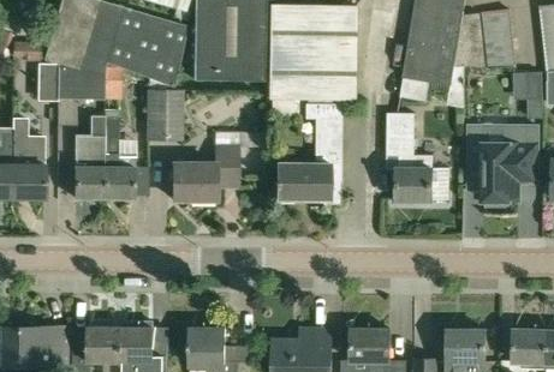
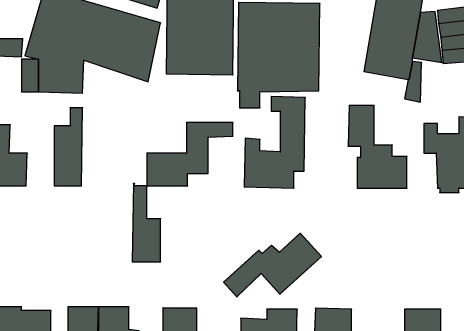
building: [147,90,180,139] -> none
building: [102,115,132,198] -> [132,184,161,262]
building: none -> [224,233,321,297]

